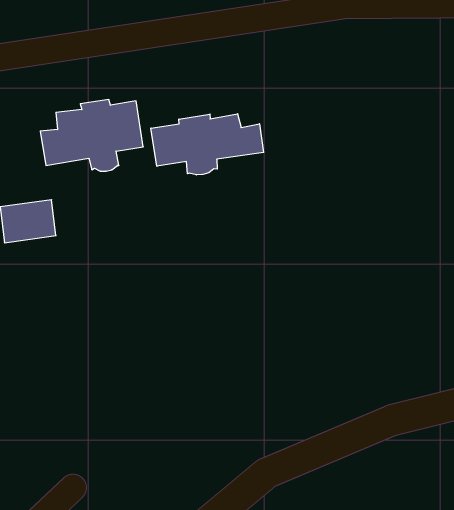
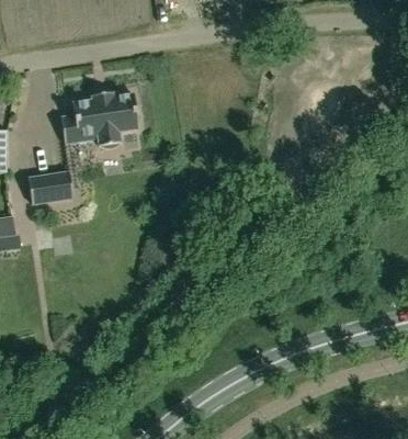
building: [151,114,264,175] -> none

